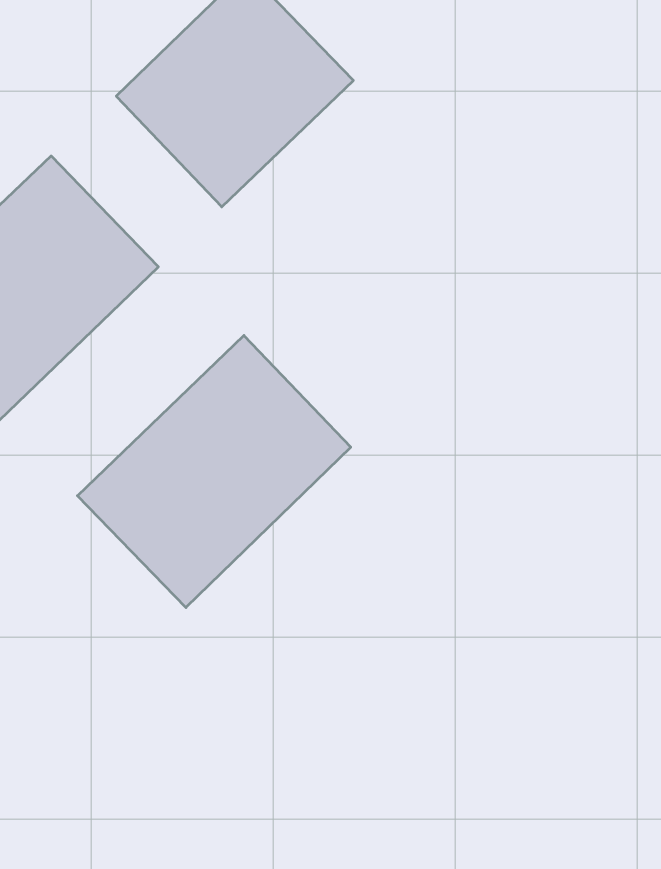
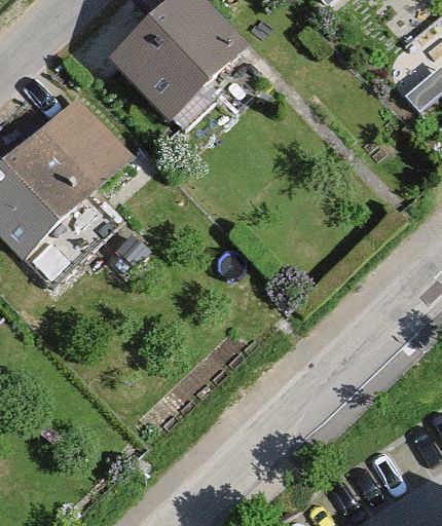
building: [77,335,351,608] -> none

